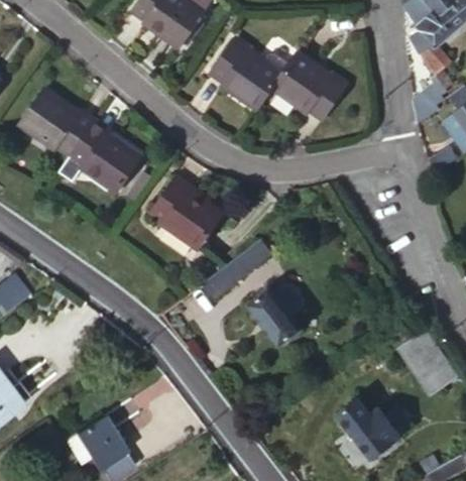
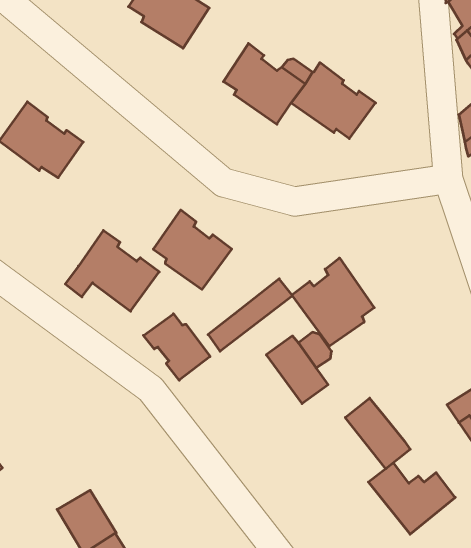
building: [63,123,142,192] -> [65,230,159,311]
building: none -> [292,258,374,346]
building: none -> [143,314,210,380]
building: none -> [345,398,410,469]

